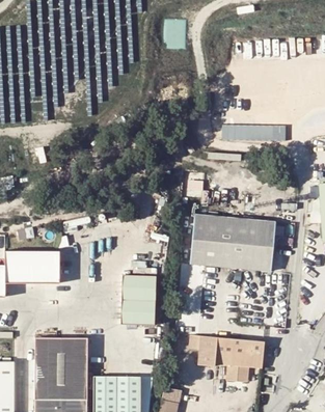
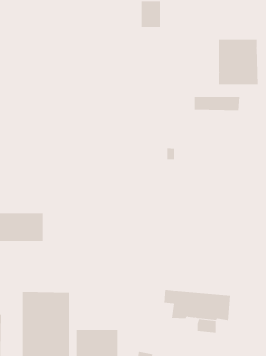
building: none -> [219,39,258,85]
building: [191,214,275,271] -> none
building: [121,275,155,326] -> none

